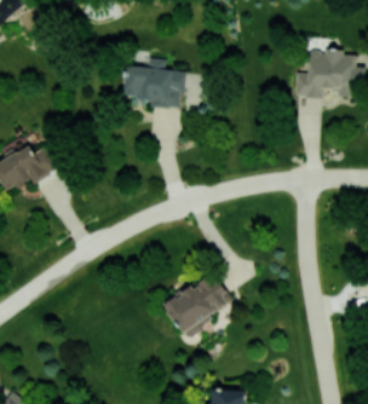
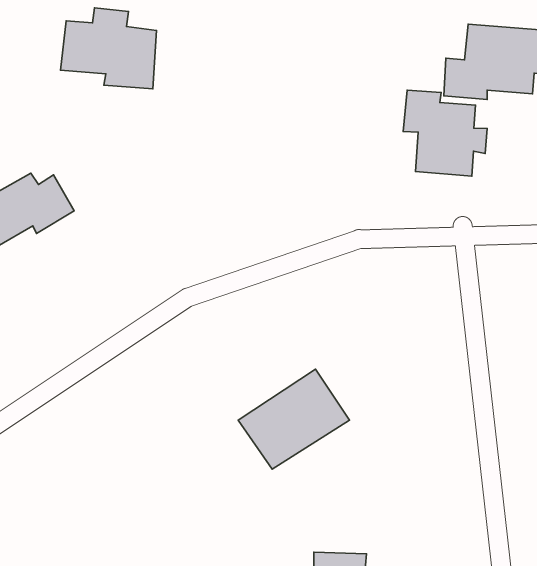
building: [122,57,184,109] -> [60,8,157,89]
building: none -> [403,90,487,176]

